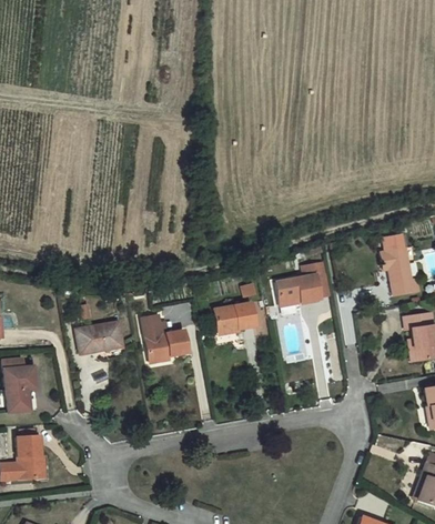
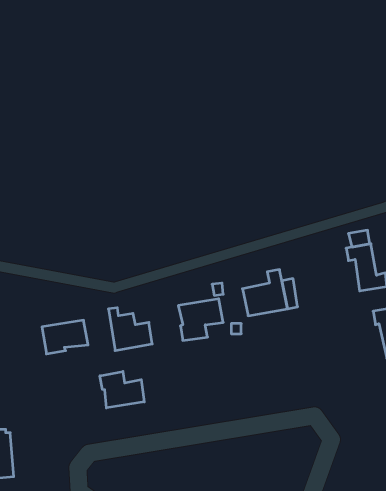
building: none -> [100,371,144,408]

